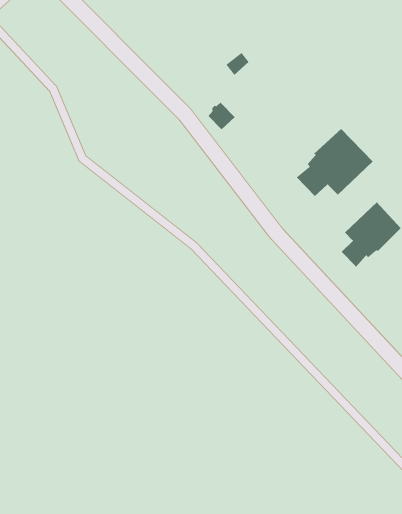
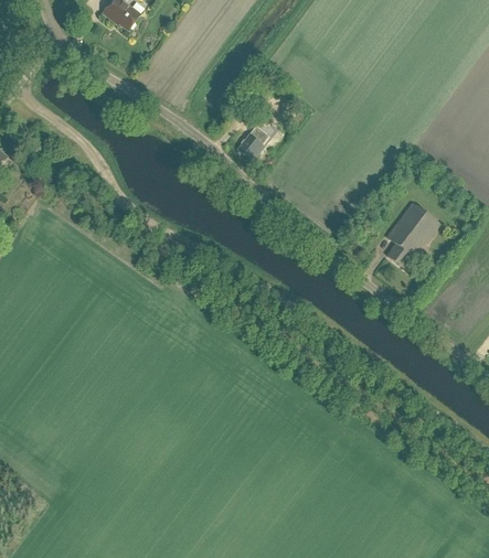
building: [296,128,374,197] -> none

